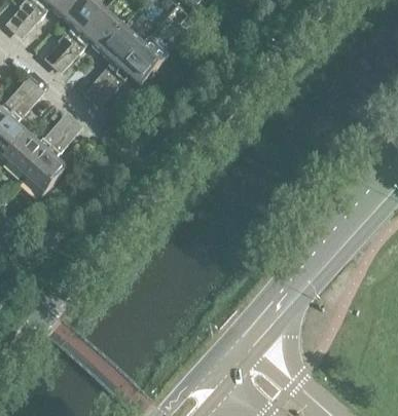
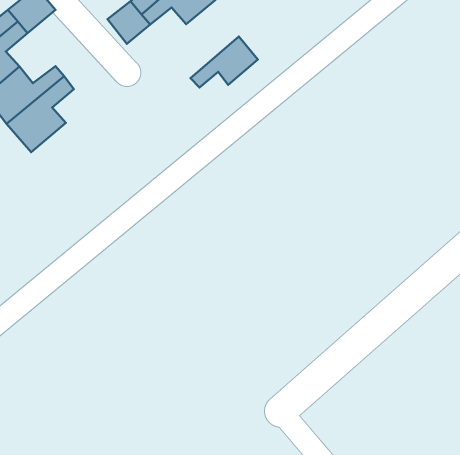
building: none -> [191,37,258,88]
building: [51,110,84,144] -> none

